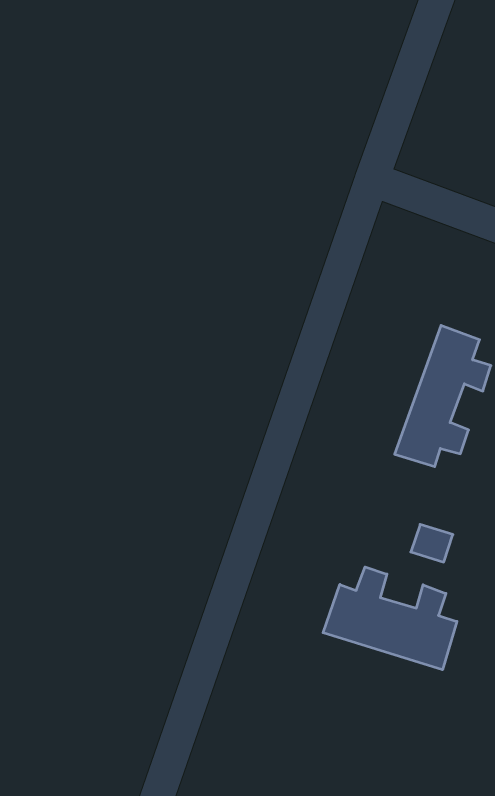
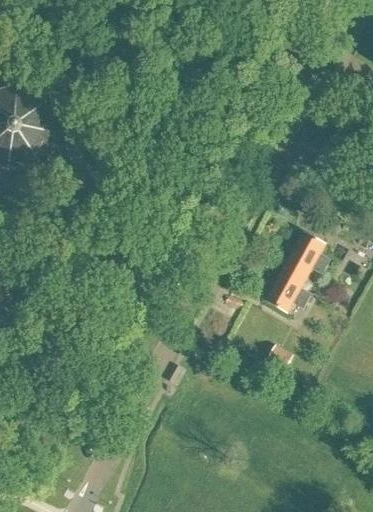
building: [323,567,457,670] -> none

